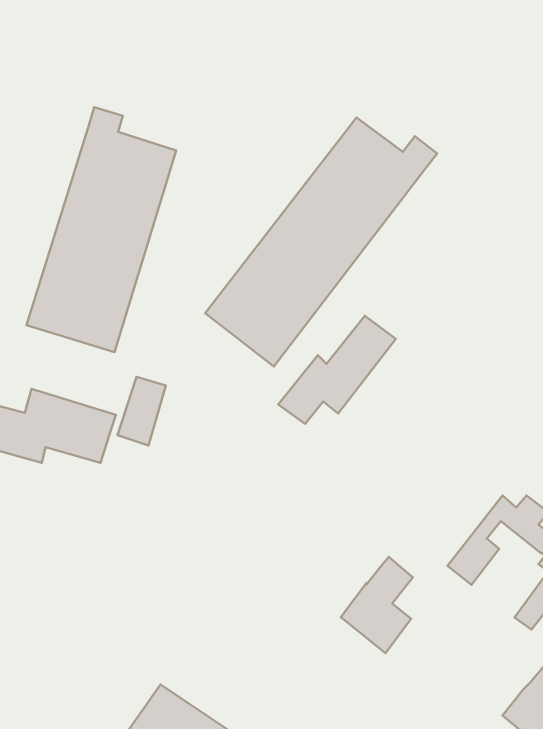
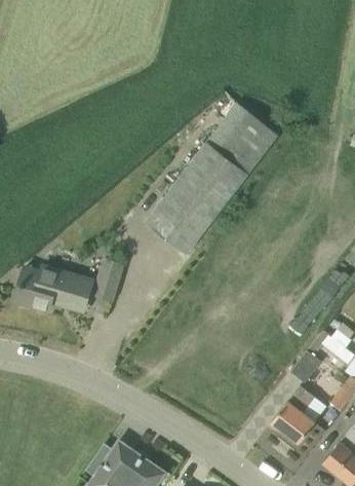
building: [26,107,176,352] -> none
building: [278,316,396,424] -> none
building: [341,557,413,653] -> [272,385,315,443]

